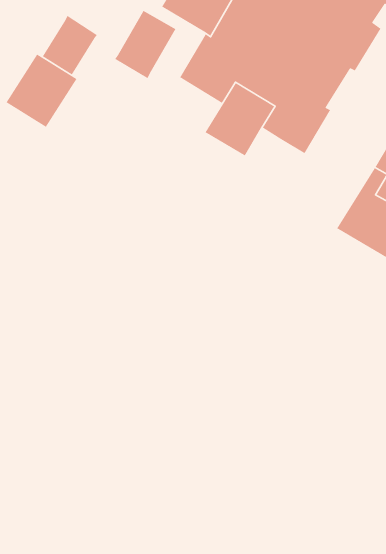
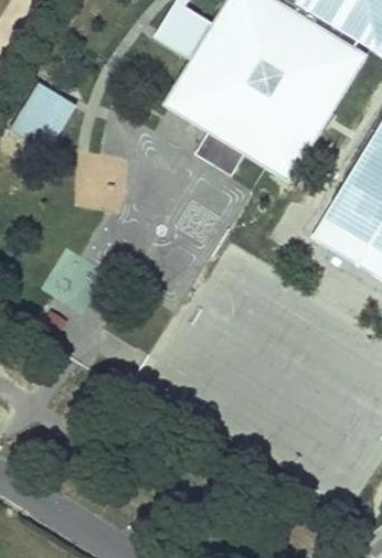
building: [114,10,176,79] -> none
building: [42,15,98,75] -> none

